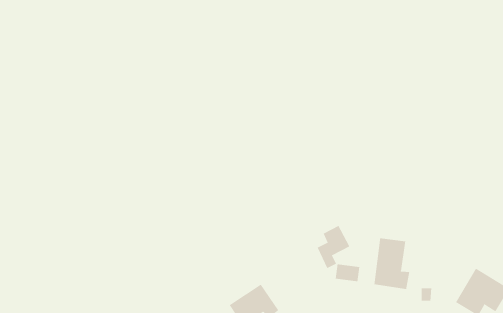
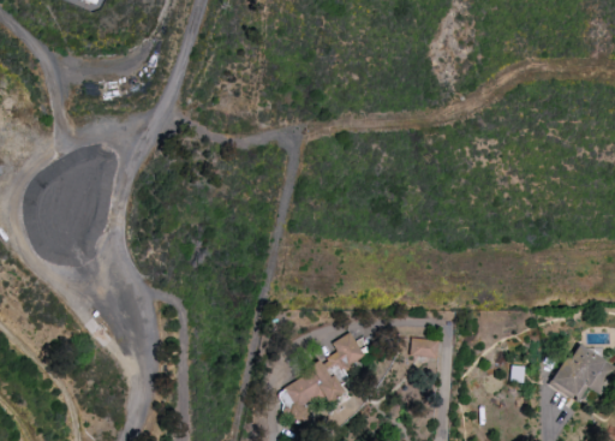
building: [317,225,350,269] -> [326,333,365,385]
building: [374,237,410,290] -> none

